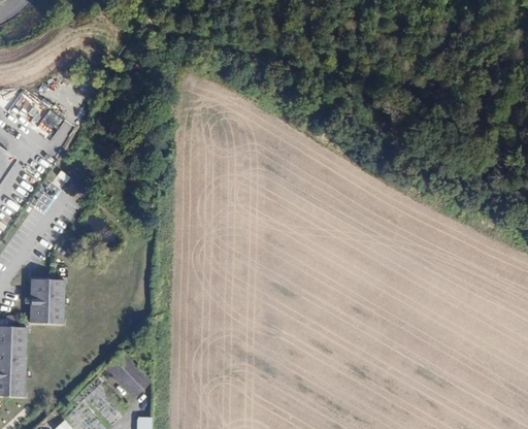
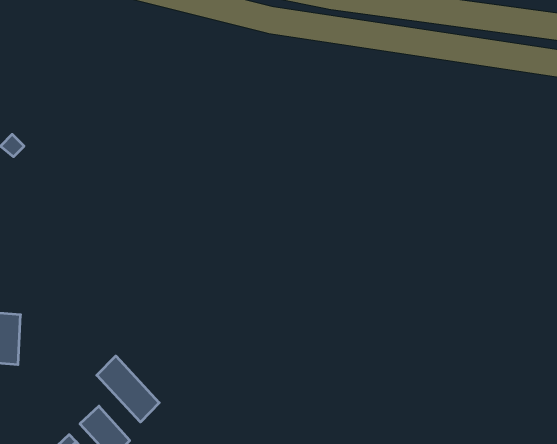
building: none -> [97,356,159,422]

